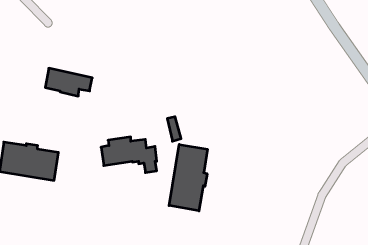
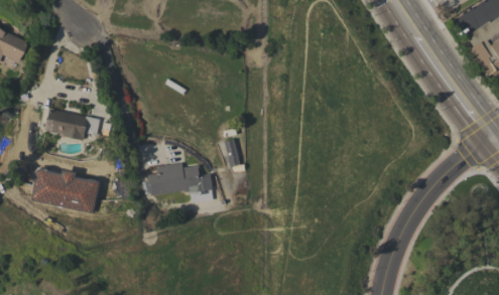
building: [45,68,92,96] -> [45,108,100,140]
building: [169,144,207,211] -> none

